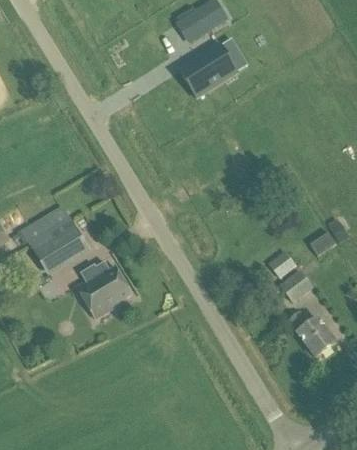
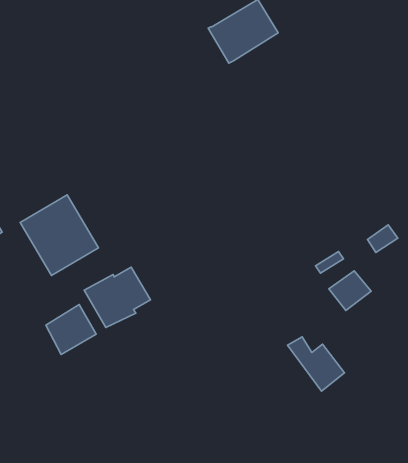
building: none -> [46,305,96,354]
building: [288,311,335,356] -> [288,337,344,391]

